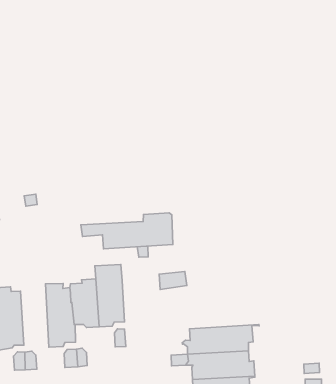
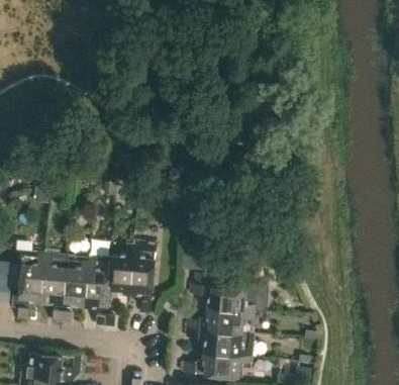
building: [81,213,173,249] -> [190,284,269,313]
building: none -> [63,251,89,306]

